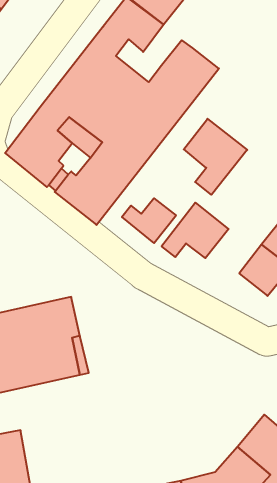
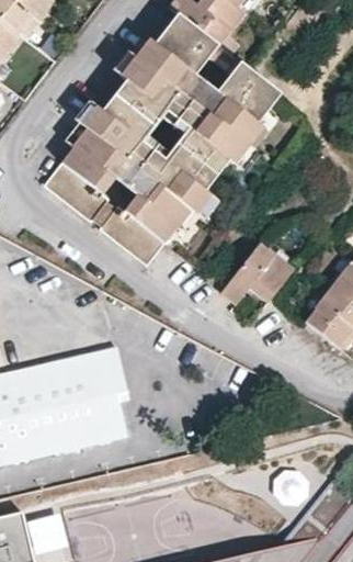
building: none -> [168,57,219,105]
building: [184,119,247,195] -> none
building: [122,198,176,243] -> none

